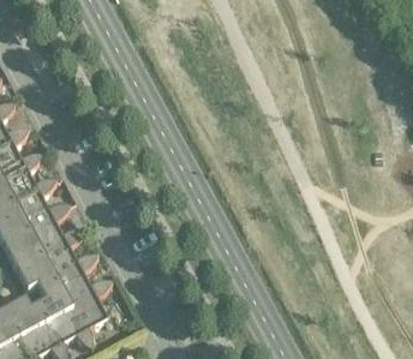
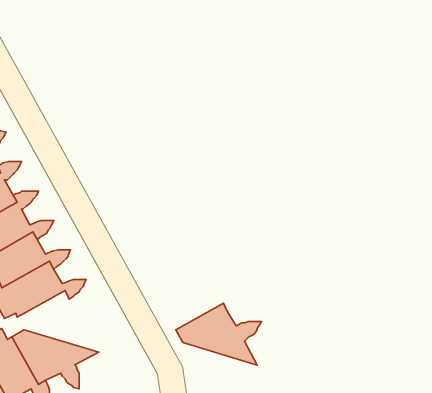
building: [35,261,108,313] -> [176,303,261,365]

